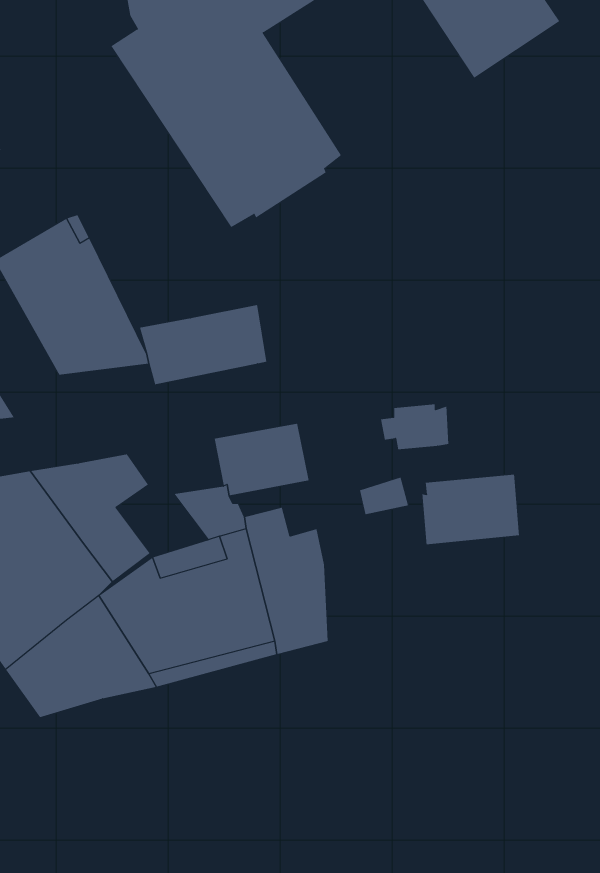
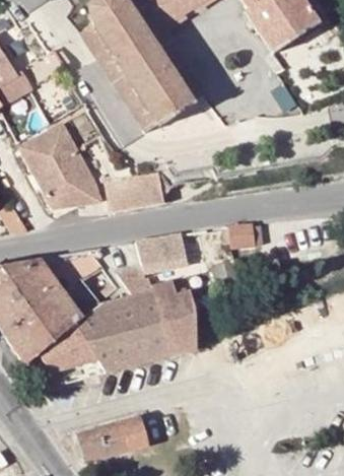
building: [422,474,520,545] -> none
building: none -> [79,417,149,460]

